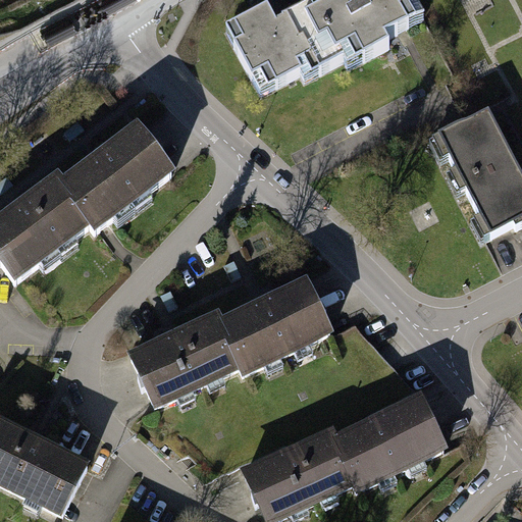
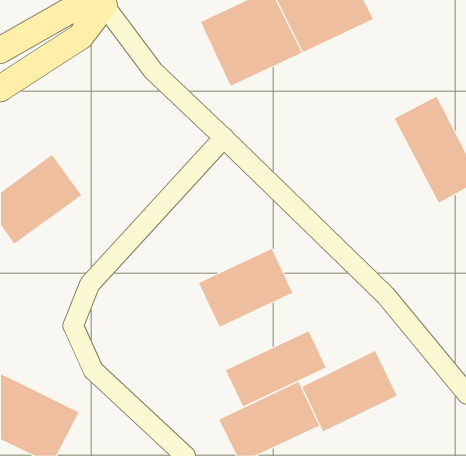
building: [63,123,169,223] -> none
building: [133,309,243,401] -> none
building: none -> [225,330,327,407]

